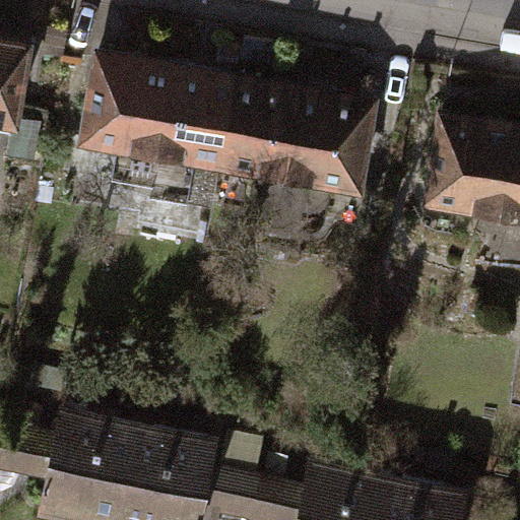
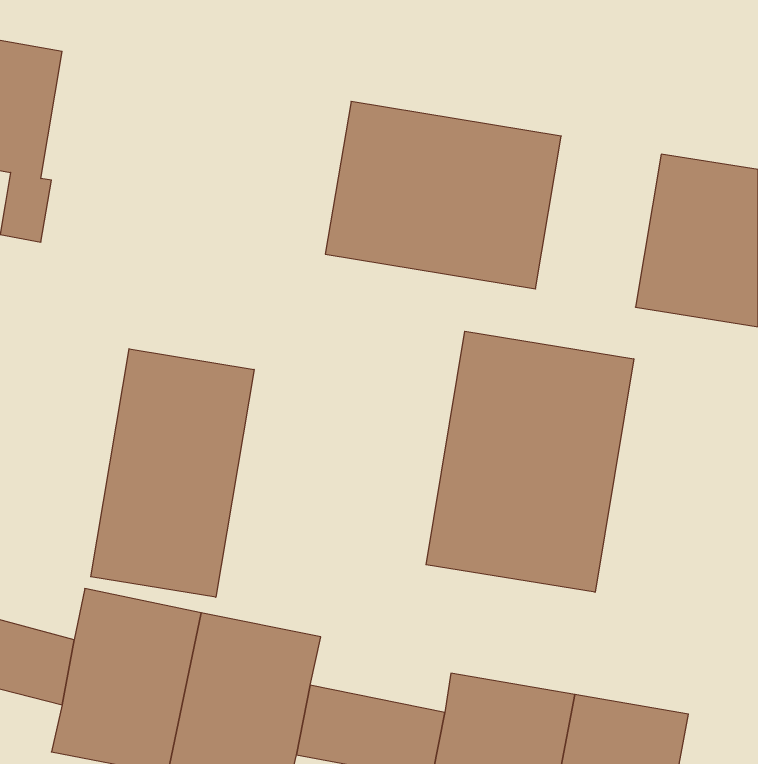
building: [77,51,236,218] -> none
building: none -> [426,331,634,592]
building: none -> [91,349,254,597]

